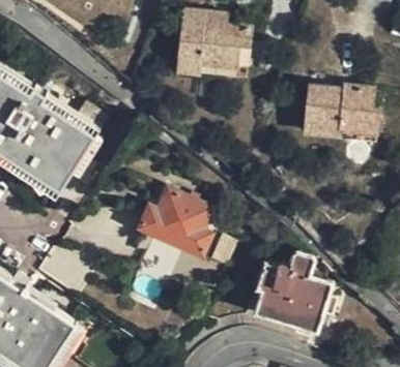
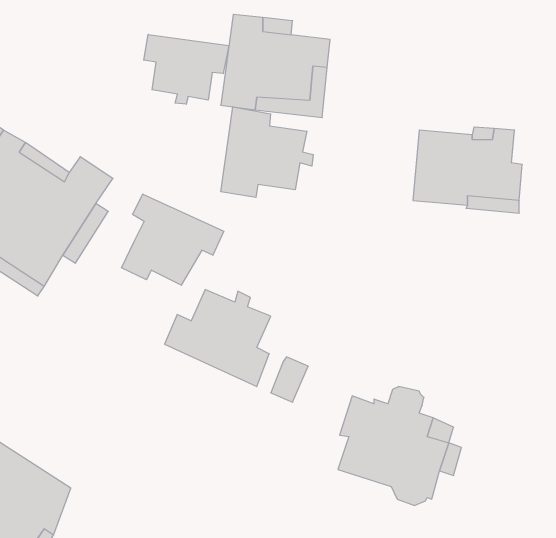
building: none -> [144,34,229,104]
building: none -> [221,107,313,197]
building: none -> [122,194,224,285]

